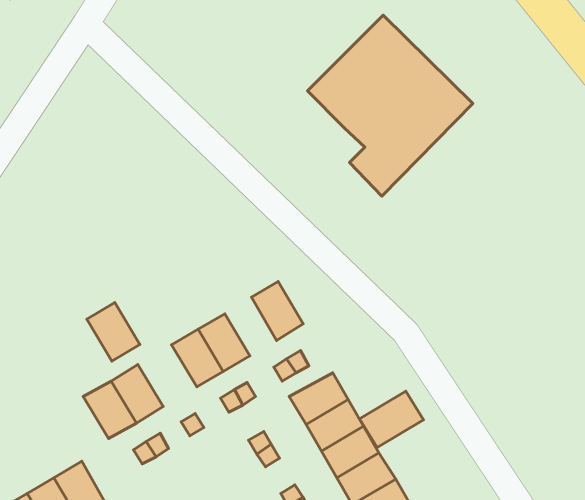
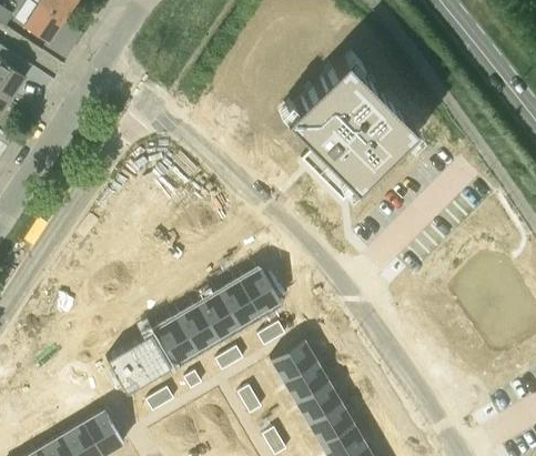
building: none -> [219,278,260,325]
building: [87,302,140,361] -> [154,316,196,363]
building: [359,391,424,448] -> none

